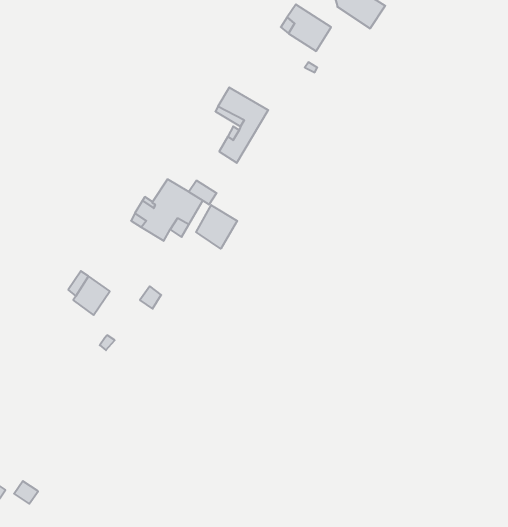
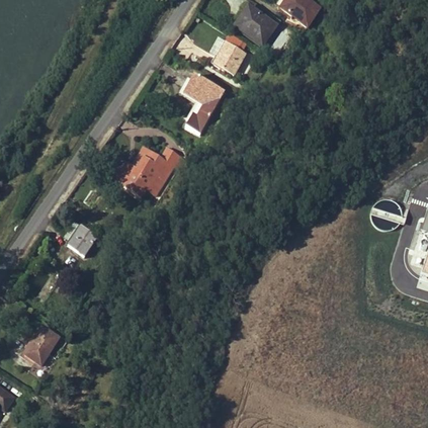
building: none -> [215,33,247,71]
building: [196,205,237,249] -> none
building: none -> [25,327,60,378]

